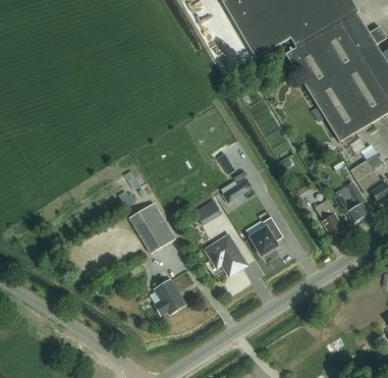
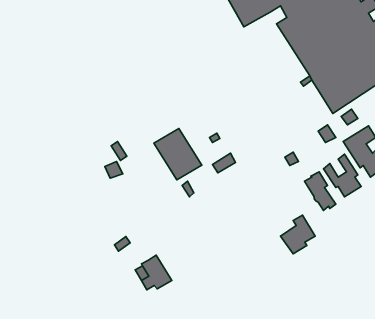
building: [128,202,175,252] -> [154,129,202,180]
building: [250,216,283,254] -> [281,215,315,254]
building: [208,234,250,274] -> none

